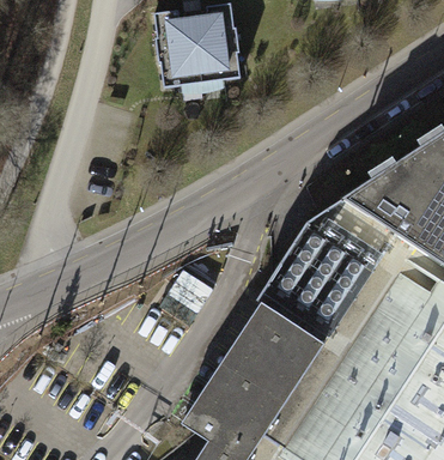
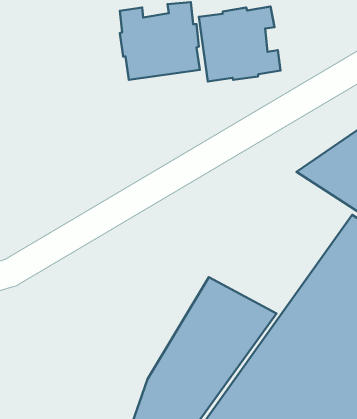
building: none -> [199,6,281,81]
building: [262,202,395,338] -> none

